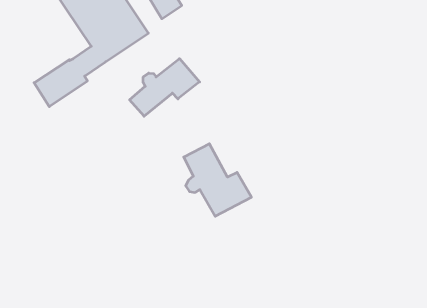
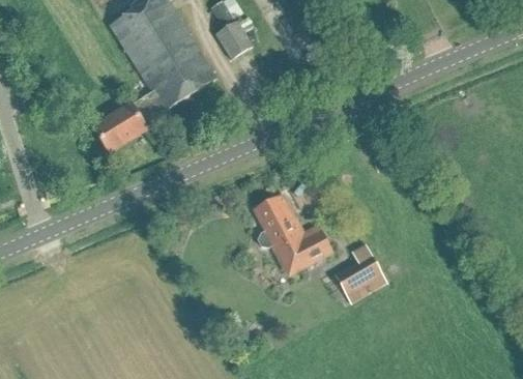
building: [130,59,200,116] -> none
building: none -> [332,254,384,303]

